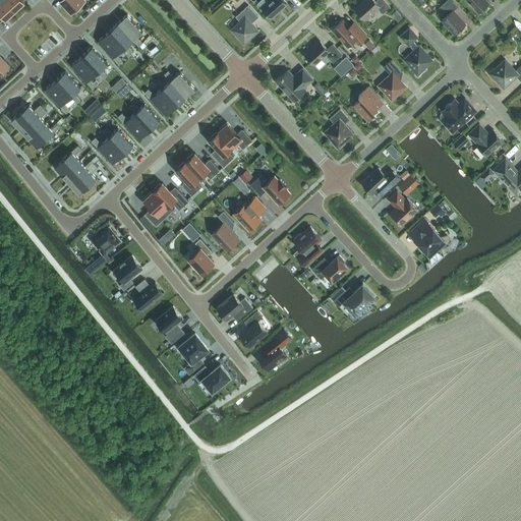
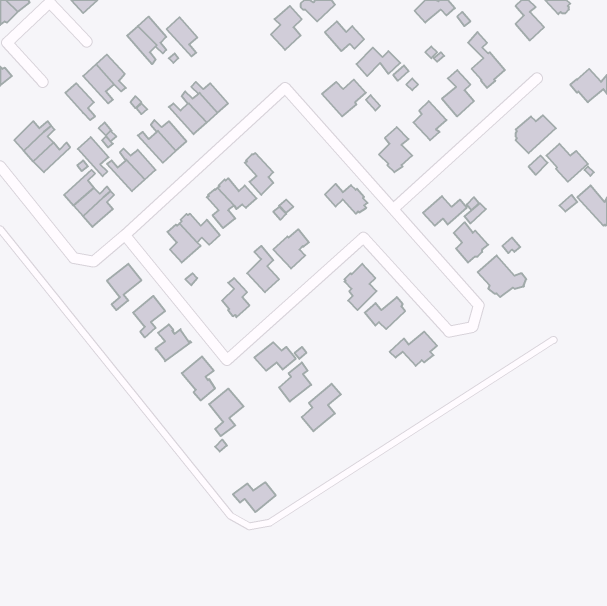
building: [333,21,366,47] -> [325,21,364,51]
building: [98,32,124,65] -> [167,17,197,56]
building: [45,80,71,114] -> [78,137,109,176]
building: [219,124,252,150] -> none
building: [253,178,290,204] -> [325,184,368,214]
building: [193,365,230,391] -> [233,482,276,512]

